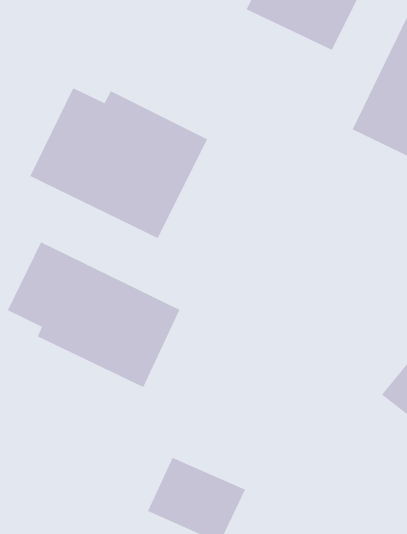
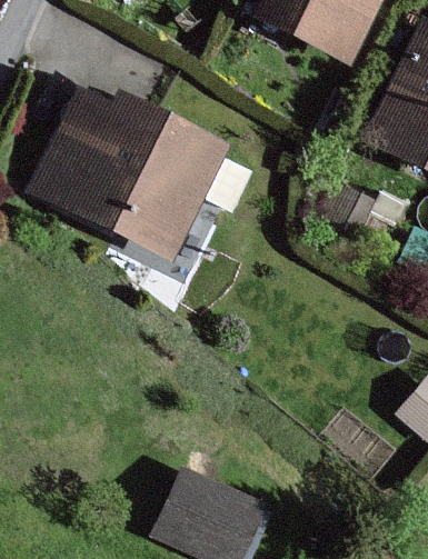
building: [7,242,180,388] -> none

